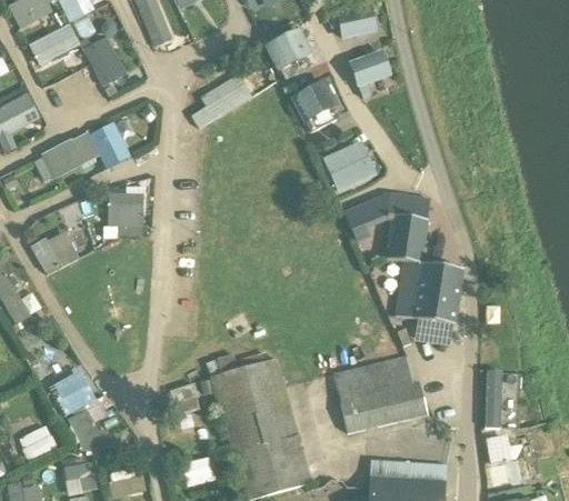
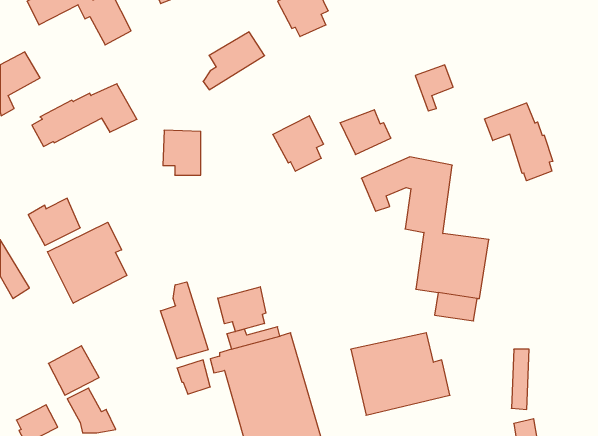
building: [350,53,386,97] -> [415,65,453,111]
building: [290,79,338,131] -> [273,116,324,171]
building: none -> [484,103,553,181]
building: [108,192,143,234] -> [163,130,201,175]
building: none -> [47,222,127,303]
building: none -> [160,282,208,359]
building: none -> [218,287,266,332]

